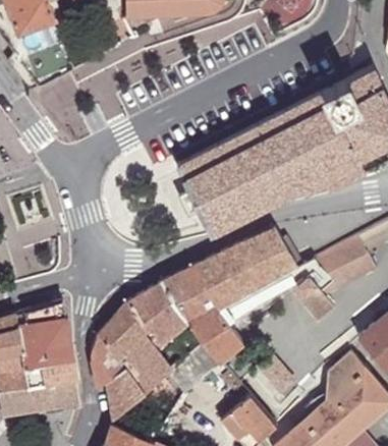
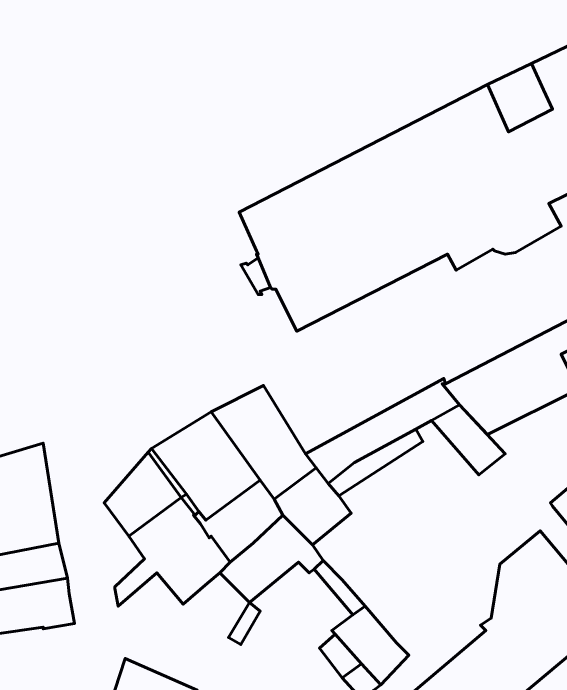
building: [191,230,296,308] -> none
building: [91,336,122,393] -> none
building: [107,377,145,421] -> none

